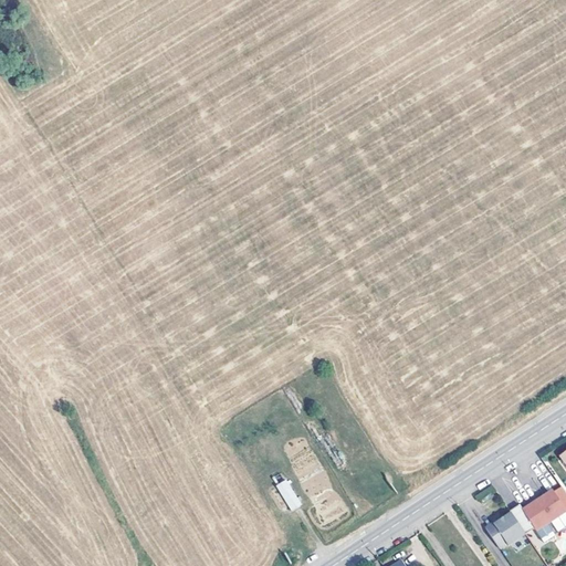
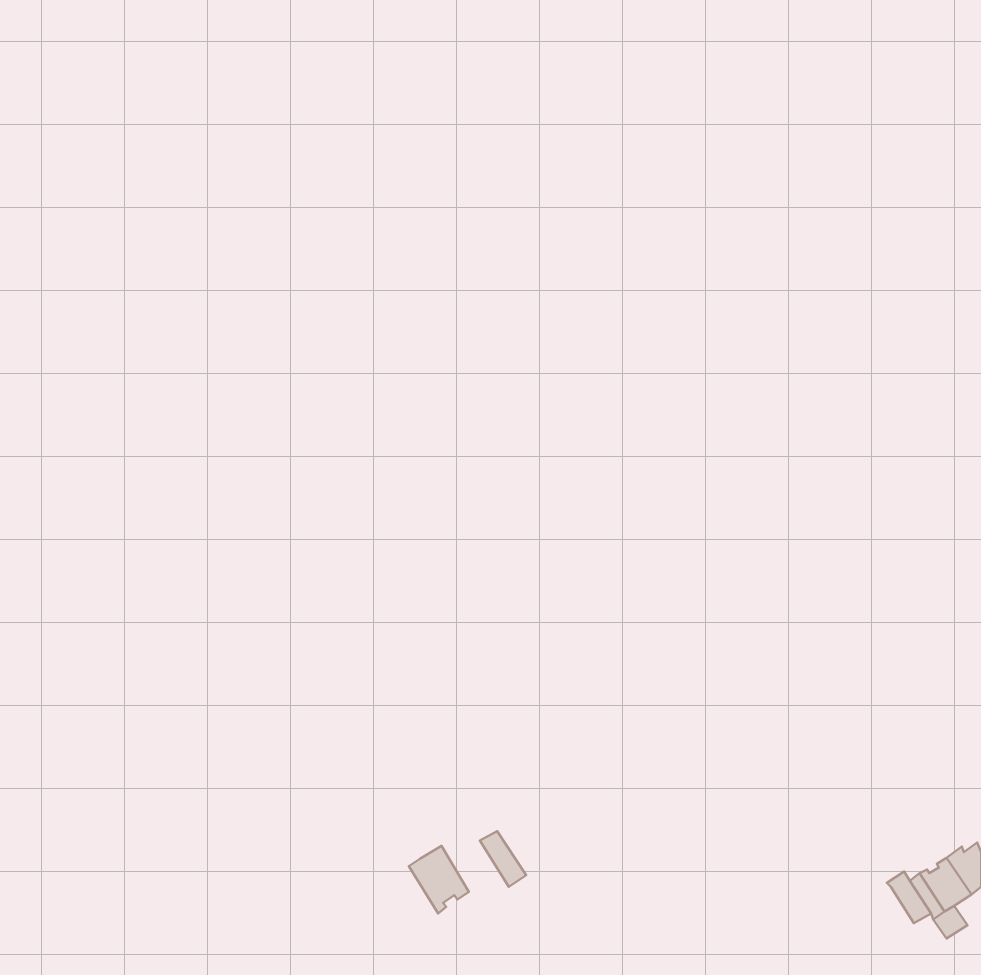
building: none -> [409,846,469,913]
building: [486,511,526,545] -> none

